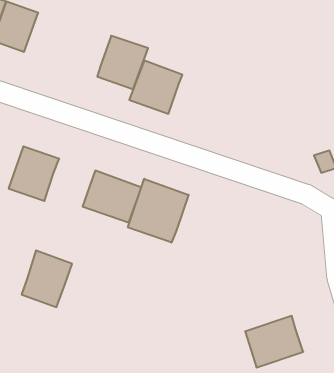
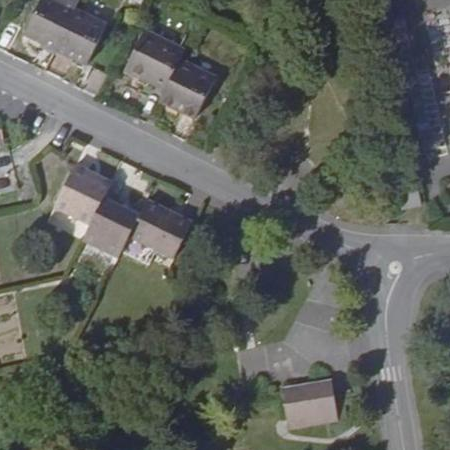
building: [129,61,182,114] -> [126,31,185,90]
building: [128,179,189,243] -> none
building: [22,250,72,307] -> [80,196,137,258]

